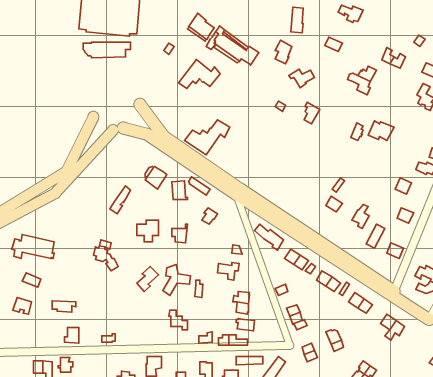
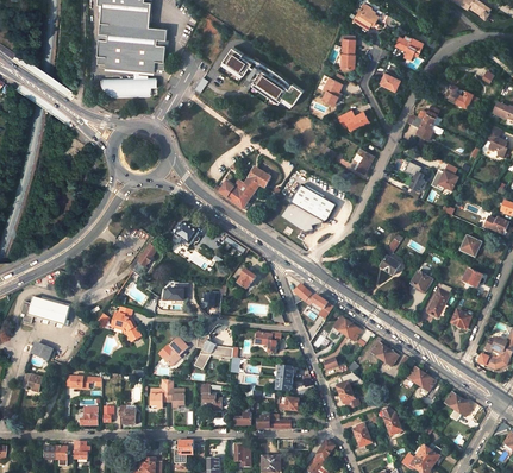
building: [178,59,220,88] -> none
building: none -> [282,184,336,231]
building: none -> [150,379,183,408]

